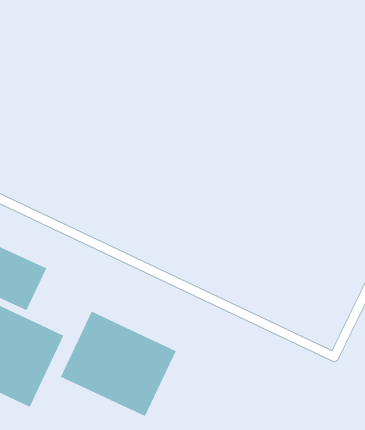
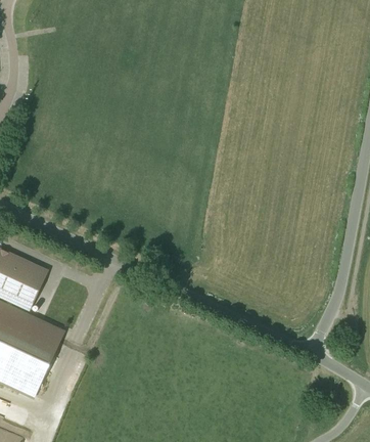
building: [60,311,176,417] -> none

